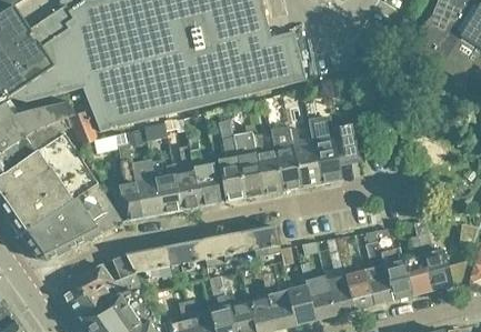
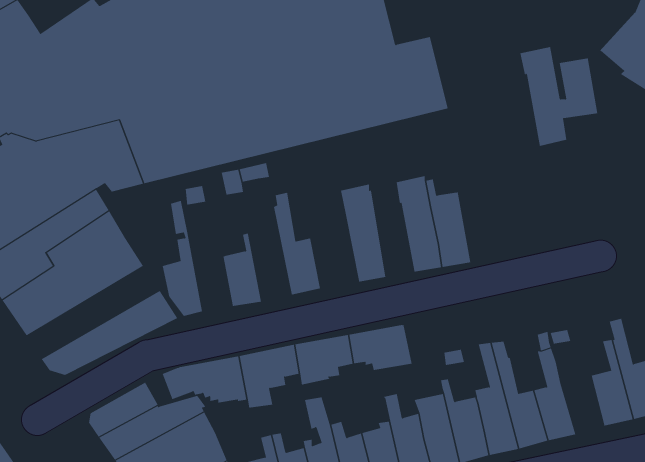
building: [308,115,361,183] -> [520,47,598,146]
building: [253,132,282,193] -> none
building: [216,134,244,201] -> none
building: [170,145,199,210] -> none
building: [129,159,159,217] -> none
building: [19,185,110,249] -> none
building: [379,247,411,300] -> none

